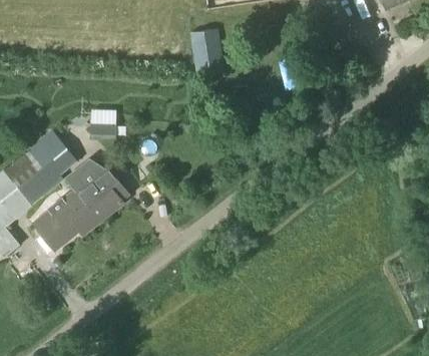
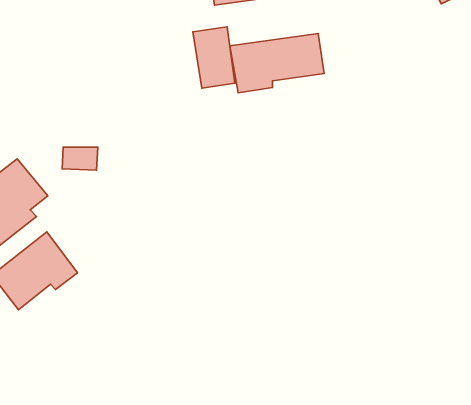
building: none -> [230,33,324,93]
building: [65,159,123,221] -> none

